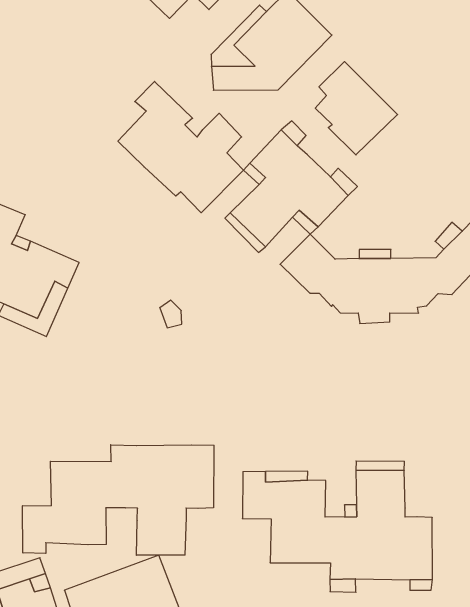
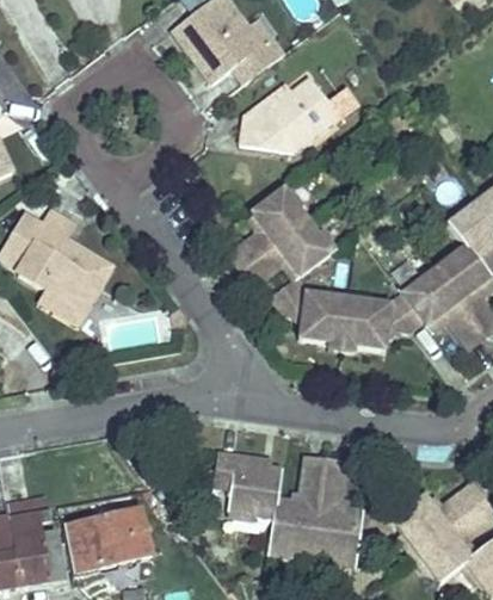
building: [315,62,398,155] -> none
building: [118,81,243,213] -> none
building: [23,445,214,555] -> none

